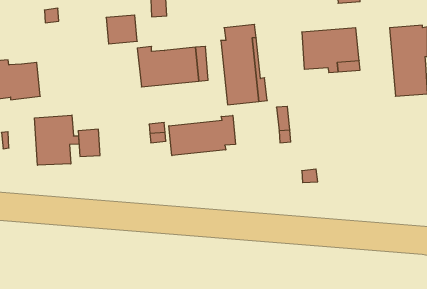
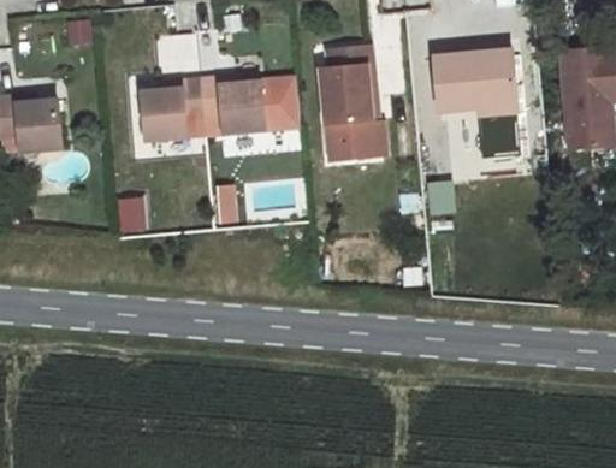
building: none -> [141,79,206,140]
building: [35,115,79,165] -> none
building: [169,115,235,156] -> none

